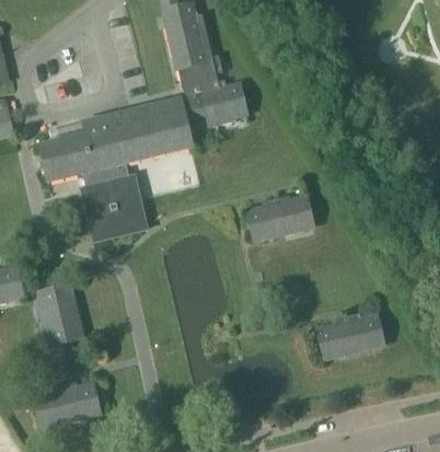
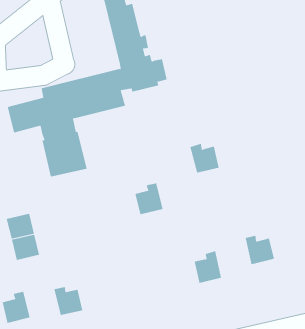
building: [247,198,285,240] -> [135,183,164,215]
building: [319,315,355,358] -> [194,250,222,284]
building: [62,381,101,418] -> [54,287,83,316]

